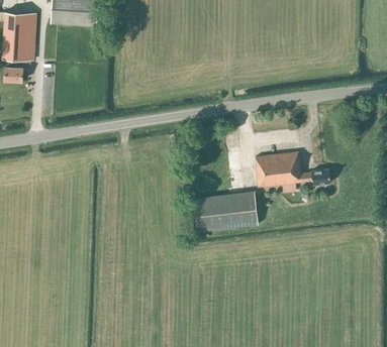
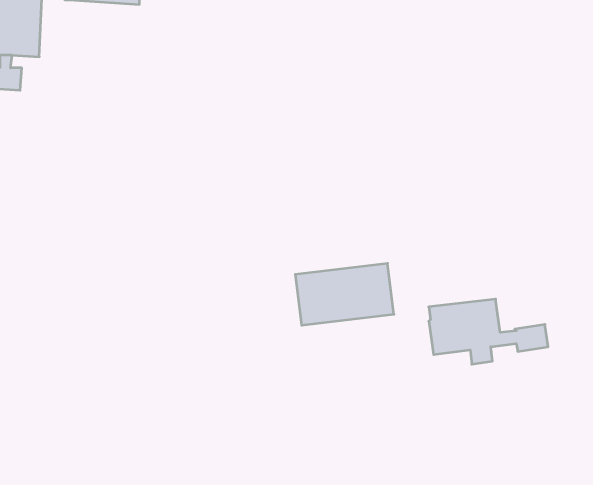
building: [256,151,331,193] -> [429,299,548,364]

